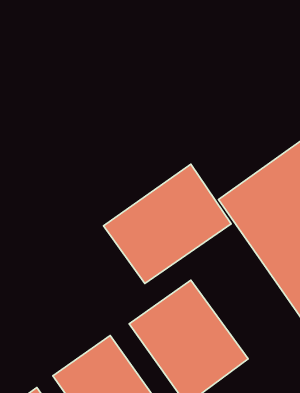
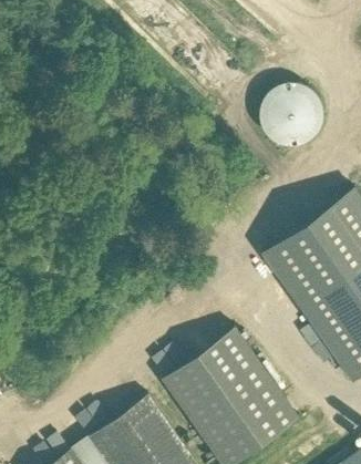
building: none -> [258,82,321,145]
building: [104,164,231,284] -> none

